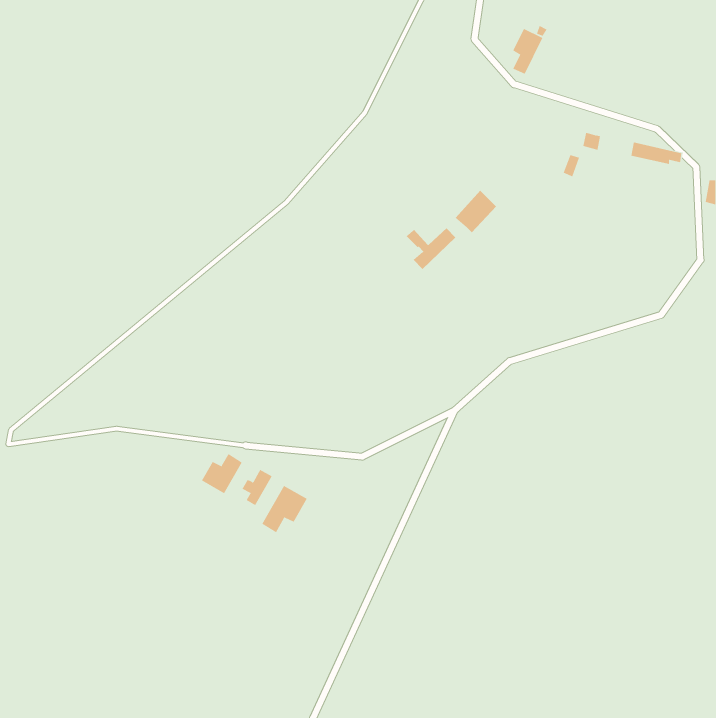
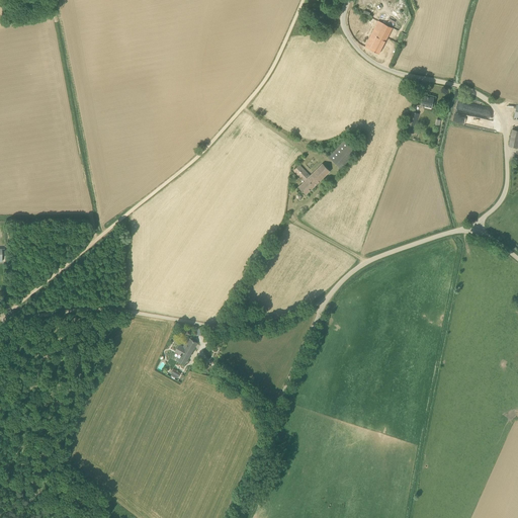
building: [201,453,243,494] -> none
building: [262,485,307,533] -> none

